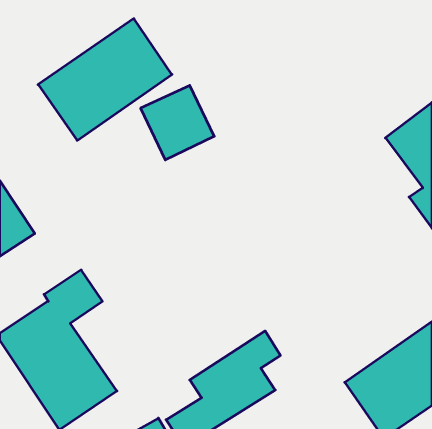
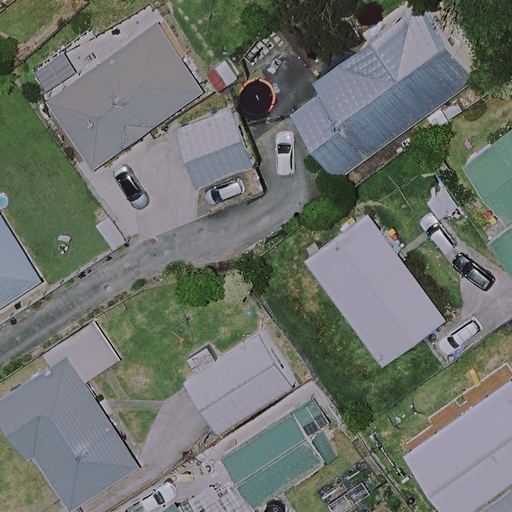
building: none -> [284,9,474,179]
building: none -> [308,215,446,365]
building: none -> [185,333,297,436]

